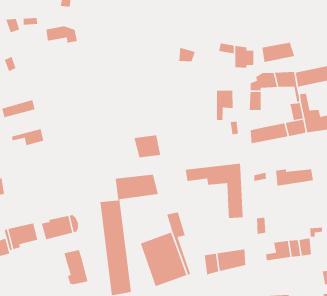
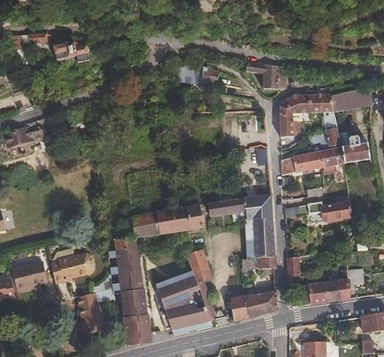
building: [261,42,295,63] -> none
building: [216,90,233,121] -> none
building: [11,128,44,146] -> none
building: [133,135,161,158] -> [174,205,205,231]

